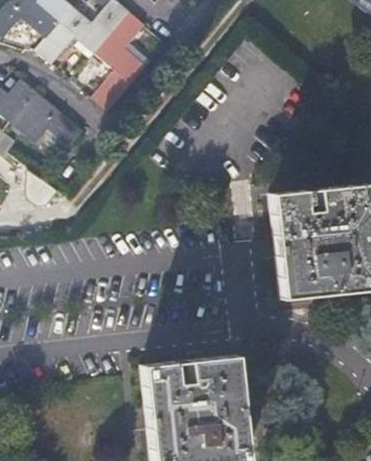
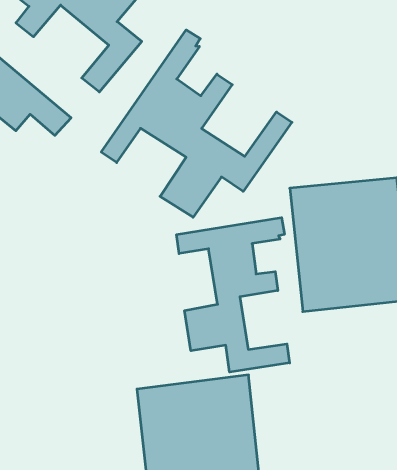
building: none -> [101,30,292,217]
building: none -> [177,218,290,372]

